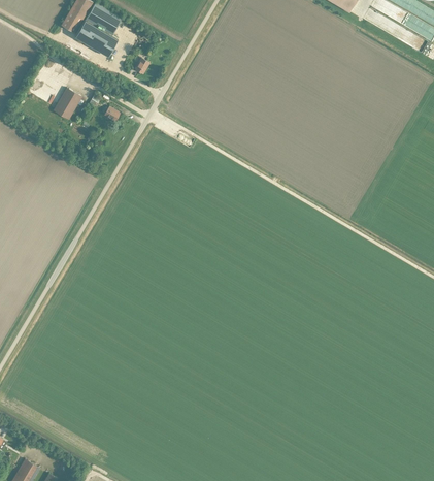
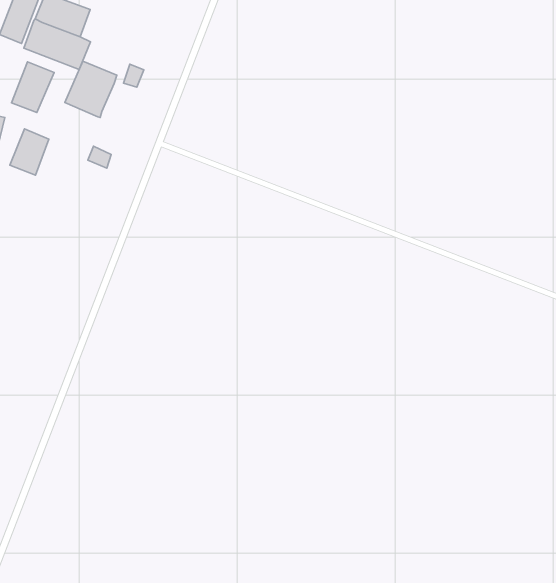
building: none -> [11,62,54,112]
building: none -> [65,61,117,118]

